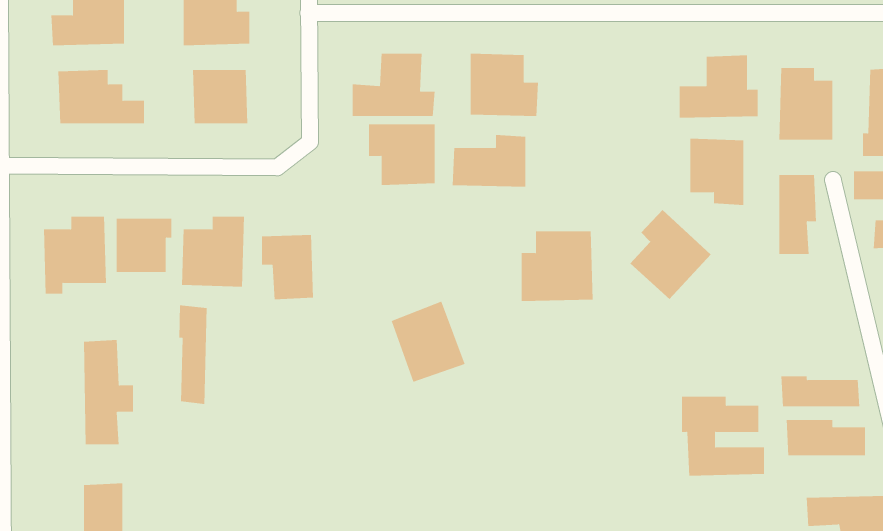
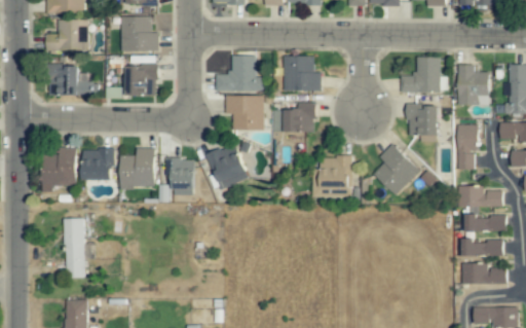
building: [391,301,465,382] -> [206,143,249,189]
building: [179,304,207,405] -> none
building: [681,396,765,476] -> [458,186,505,231]

